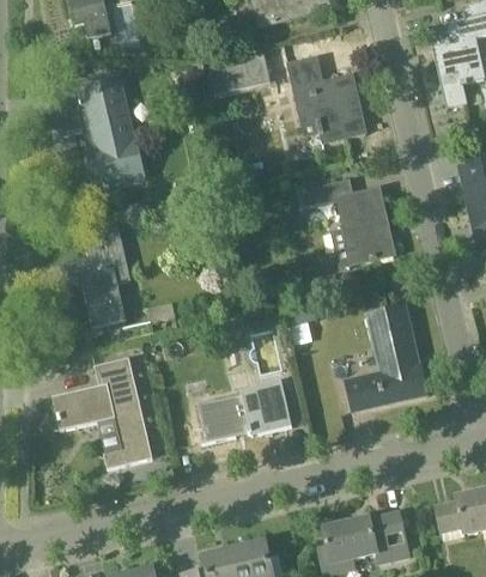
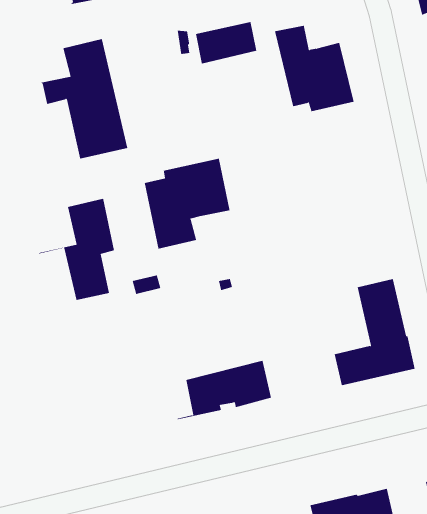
building: [302,177,394,268] -> none
building: none -> [144,158,230,250]
building: [53,357,153,468] -> none

